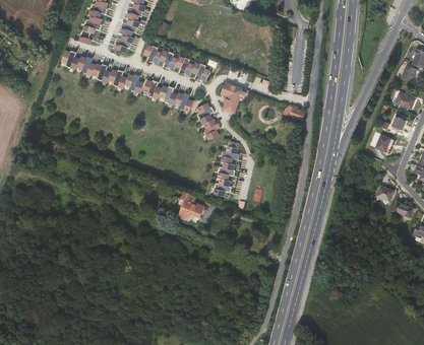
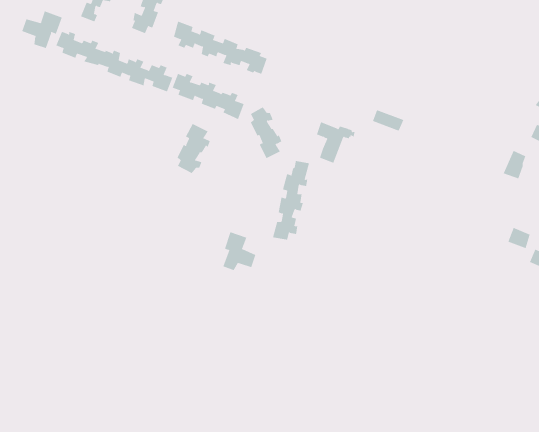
building: none -> [21,11,62,49]
building: [221,83,248,113] -> [316,121,355,163]
building: none -> [177,123,211,174]

